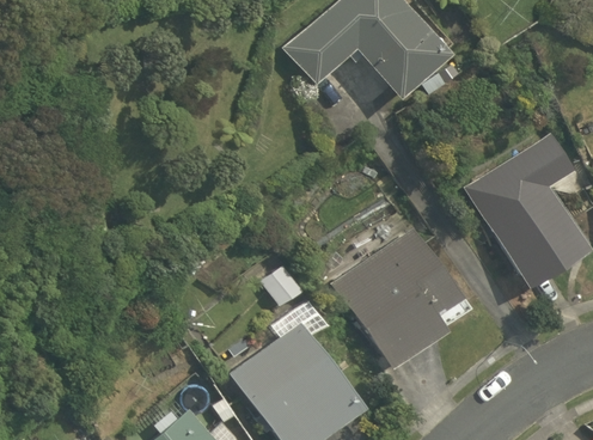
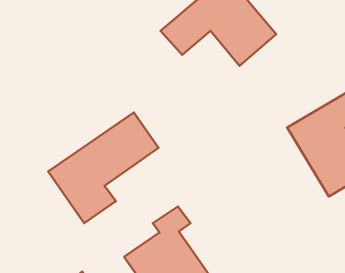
building: none -> [48,113,158,223]
building: [334,230,461,368] -> none

